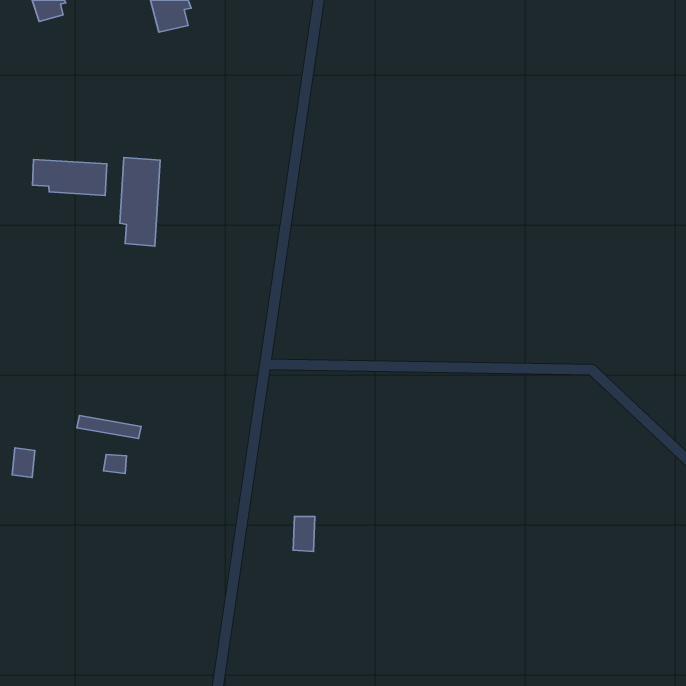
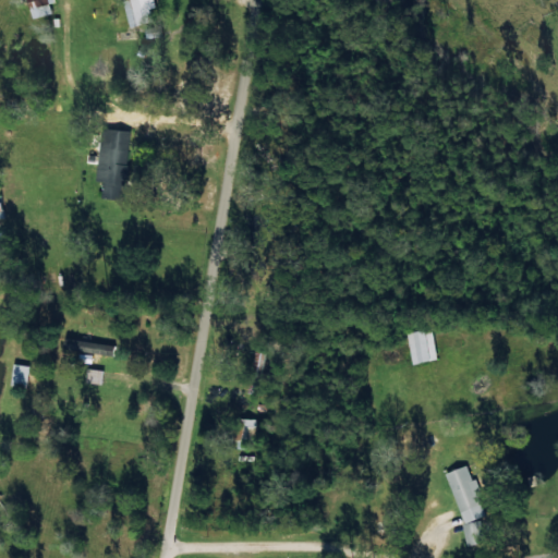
building: [33,159,107,196] -> none
building: none -> [405,328,437,364]
building: none -> [445,464,487,546]

